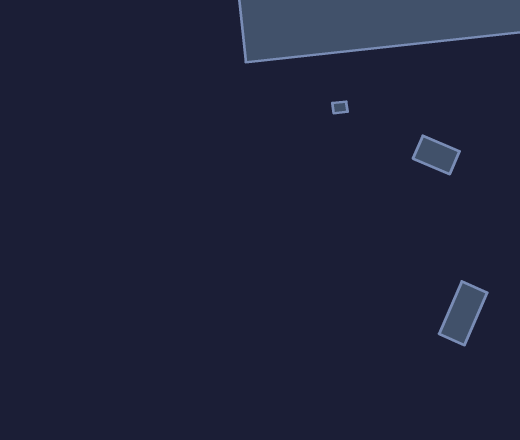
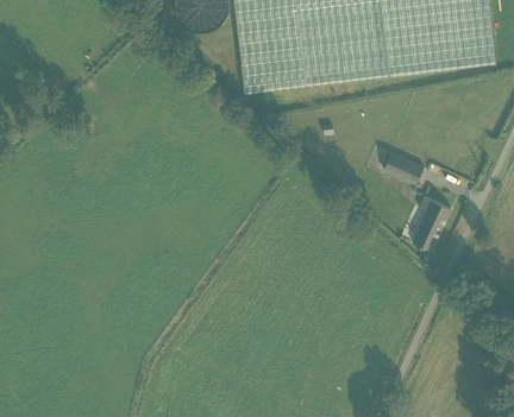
building: [439,281,487,345] -> [409,197,450,251]

